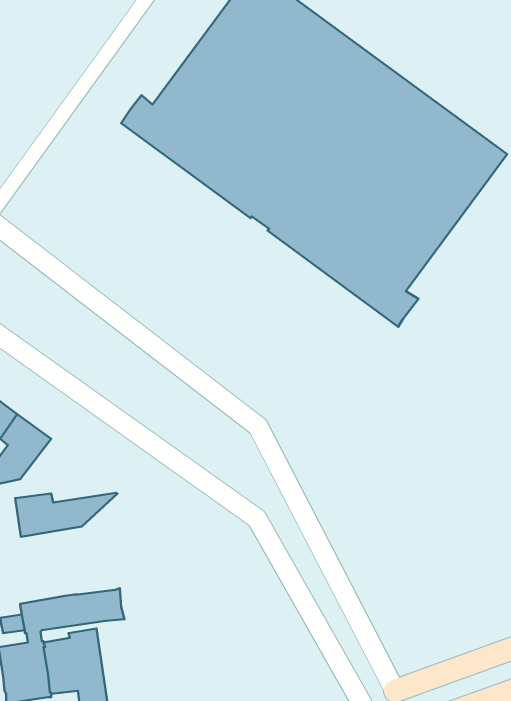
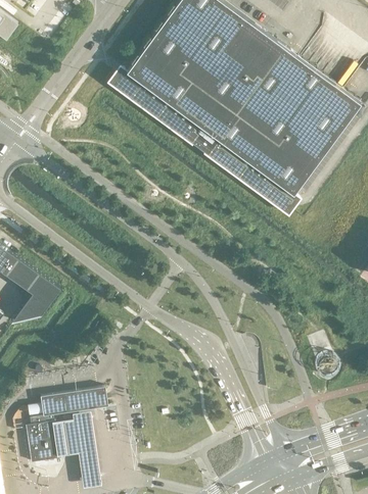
building: [15,493,117,537] -> none

